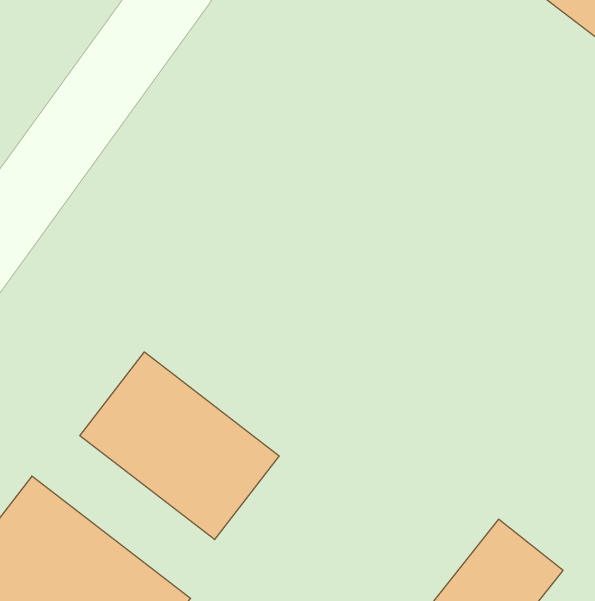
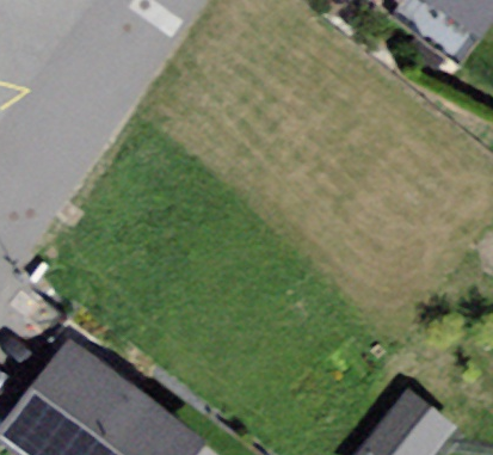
building: [80,352,279,540] -> none

